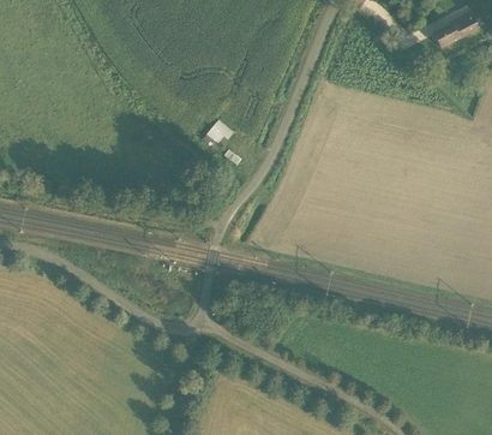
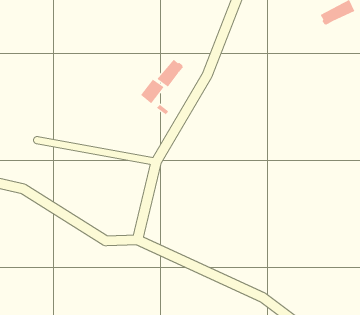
building: none -> [157,59,184,88]

